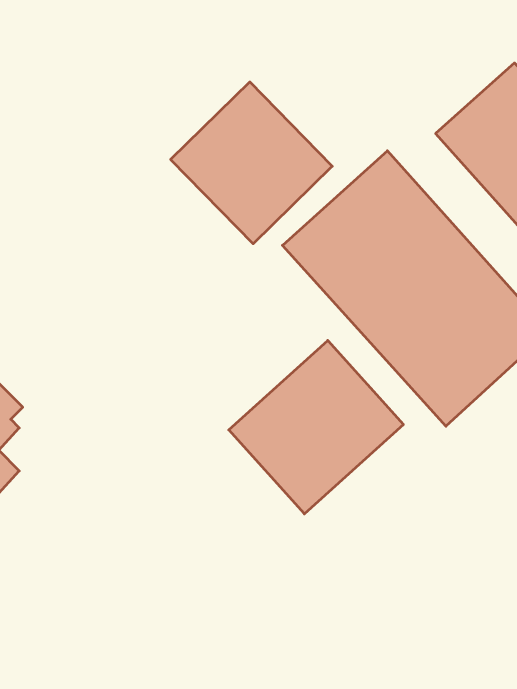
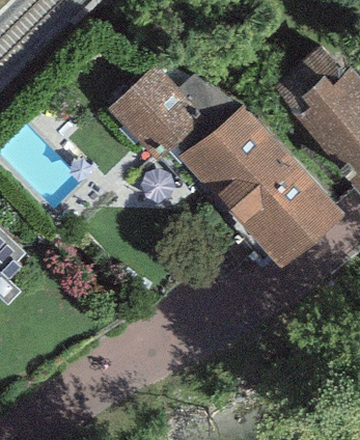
building: [229,340,403,514] -> none

